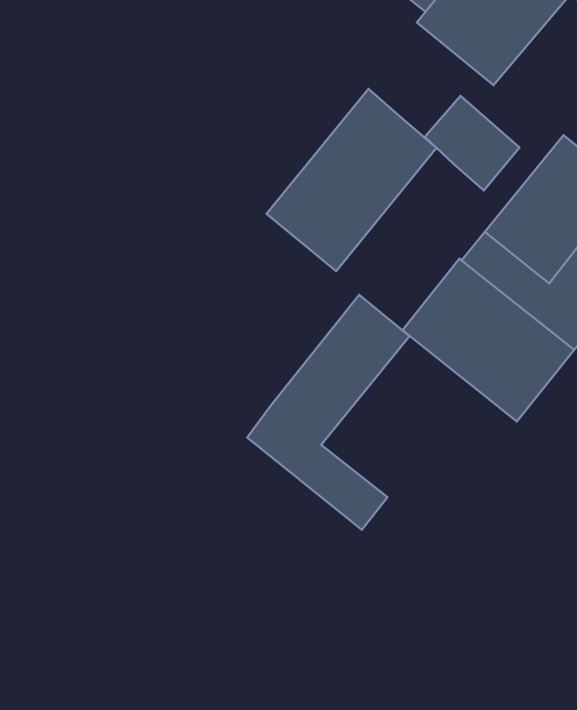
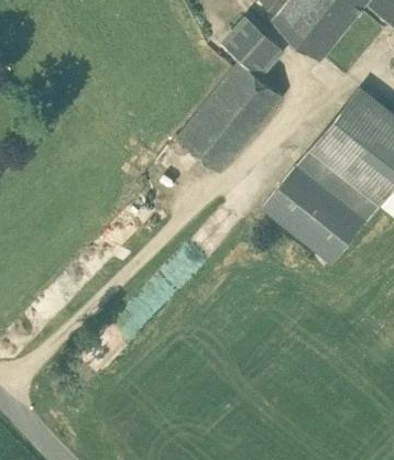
building: [425,96,520,191] -> [222,18,281,76]
building: [247,295,410,530] -> none

